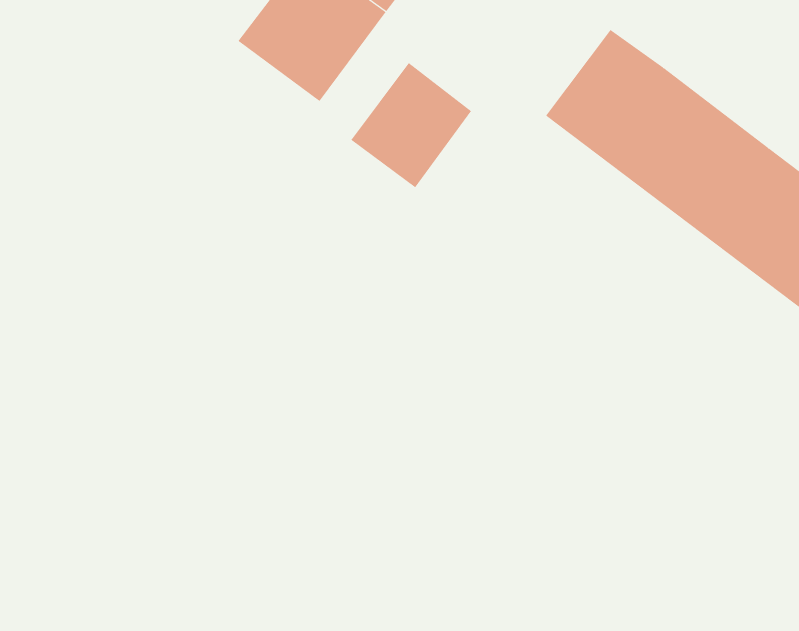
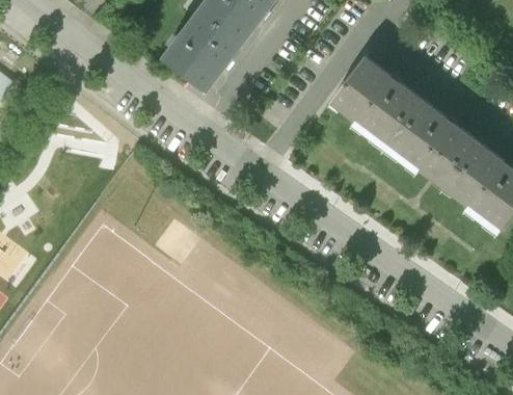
building: [351,62,472,188] -> none

